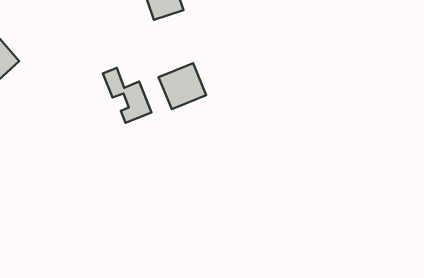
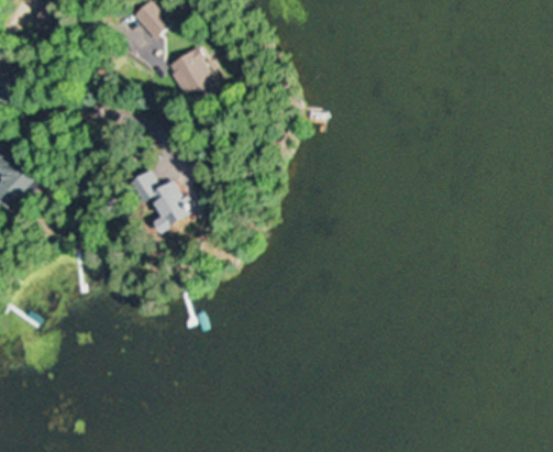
building: [159,63,206,109] -> none

